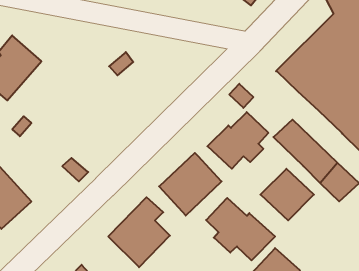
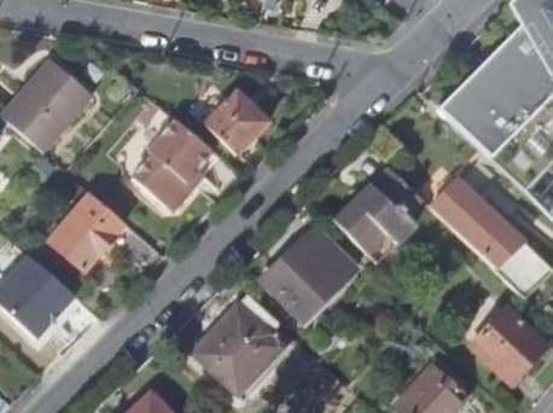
building: none -> [206,93,268,153]
building: none -> [132,118,213,205]
building: none -> [48,194,123,271]
building: [260,169,314,220] -> [470,308,547,383]
building: [206,198,275,260] -> none

